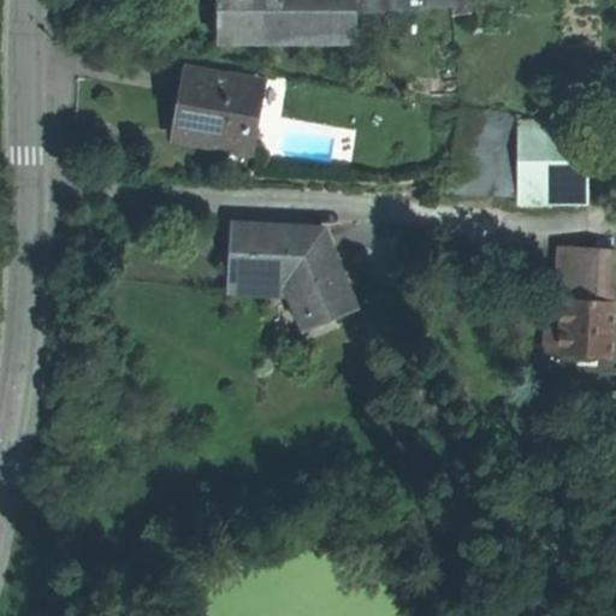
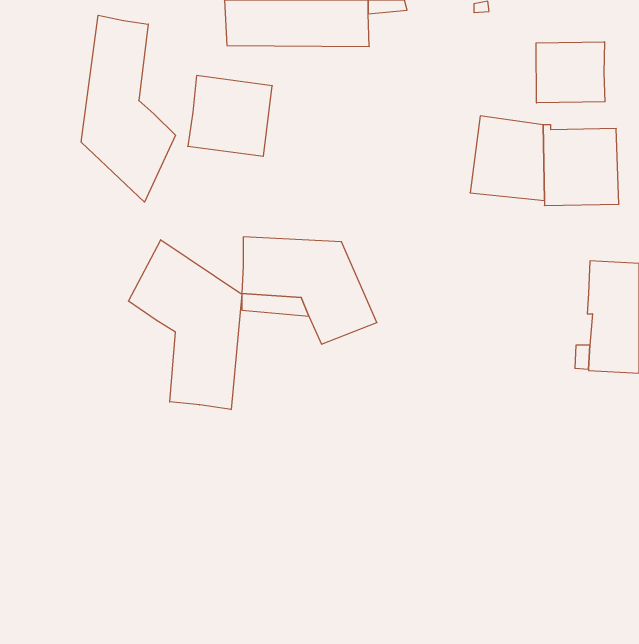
building: none -> [81,15,175,202]
building: none -> [536,42,605,103]
building: none -> [128,240,242,410]

